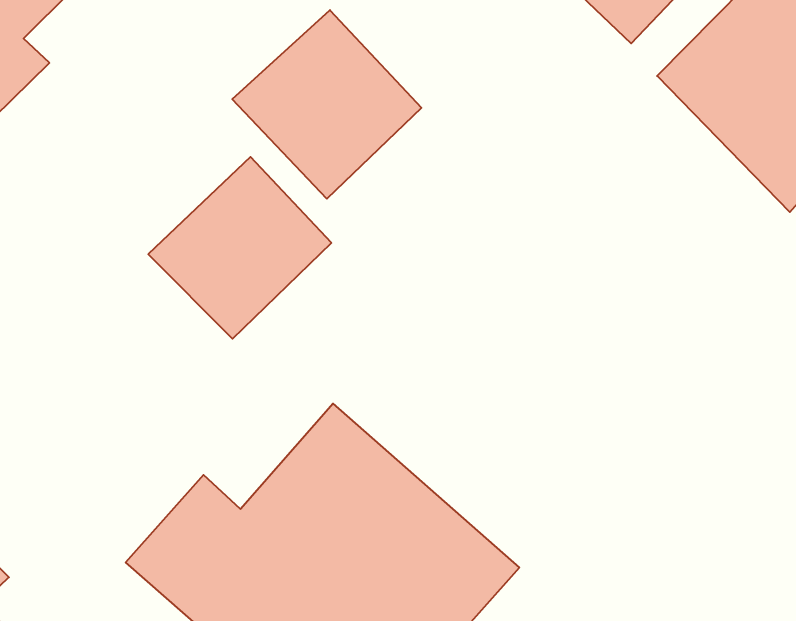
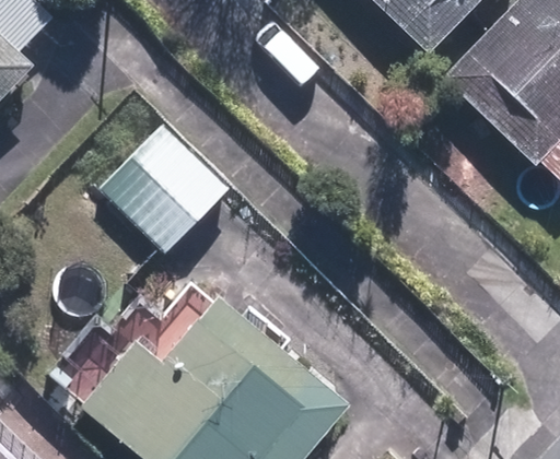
building: [232,10,421,199] -> none

